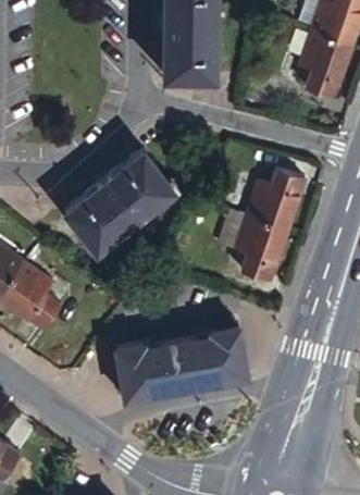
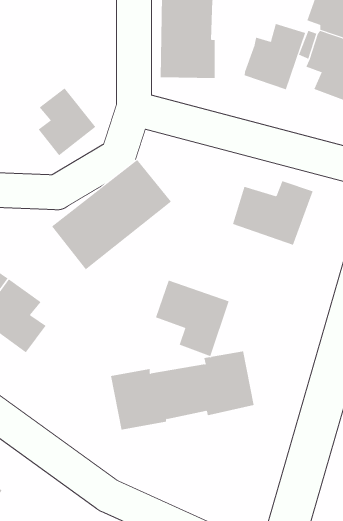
building: none -> [244,23,306,90]
building: none -> [38,87,96,156]
building: [220,211,288,282] -> [155,280,230,357]

